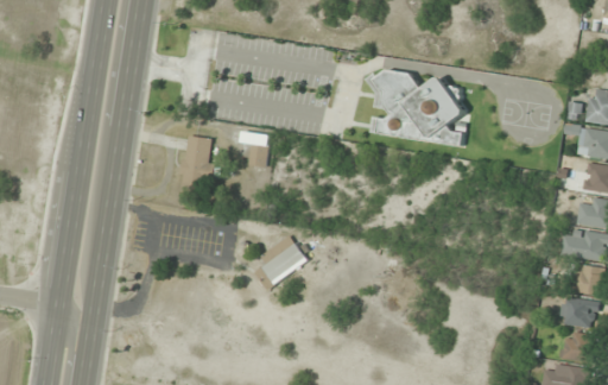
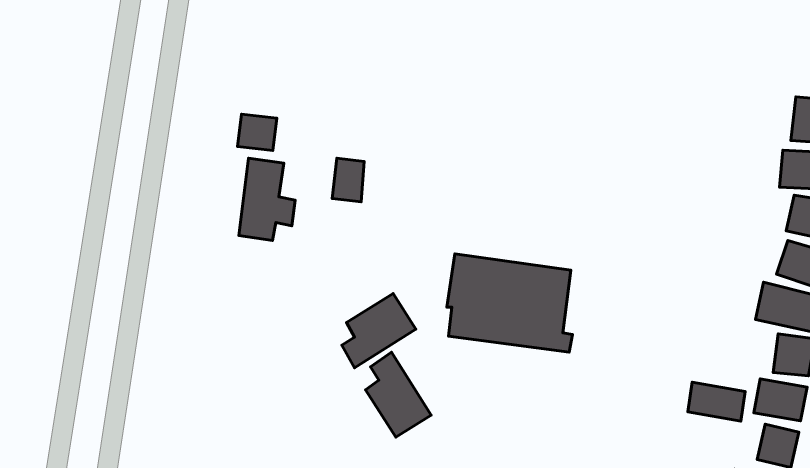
building: [372,72,464,145] -> [447,254,573,352]
building: none -> [238,114,277,151]
building: none -> [365,352,431,437]
building: none -> [688,382,745,421]

